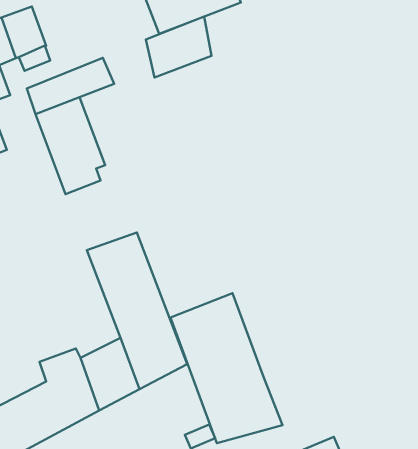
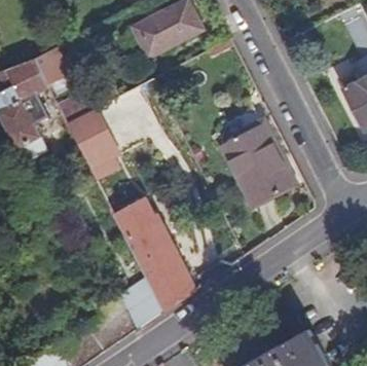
building: [146,17,211,78] -> none
building: none -> [221,123,297,206]
building: [170,293,282,443] -> none

